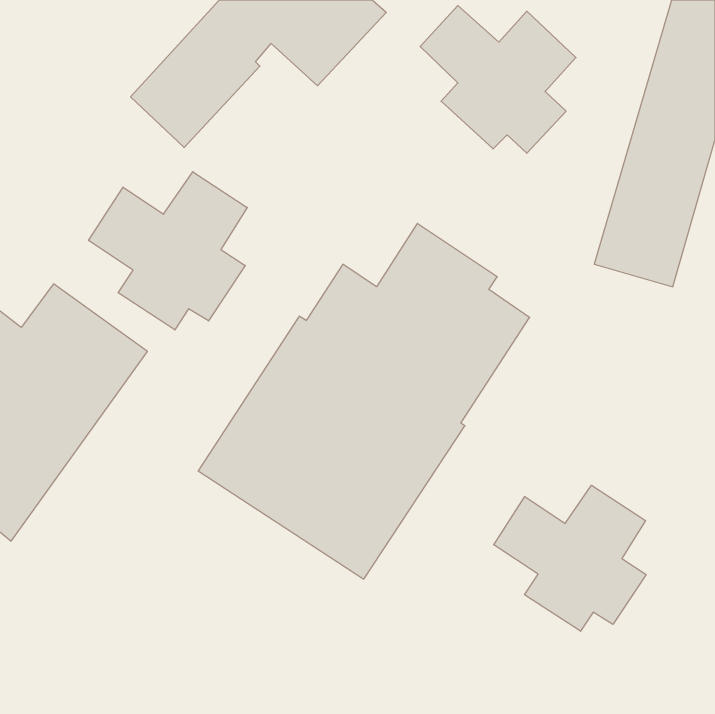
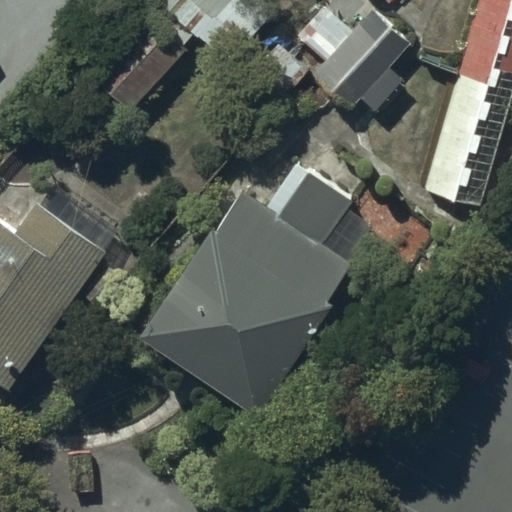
building: [89,172,247,330] -> none
building: [494,485,646,631] -> none

